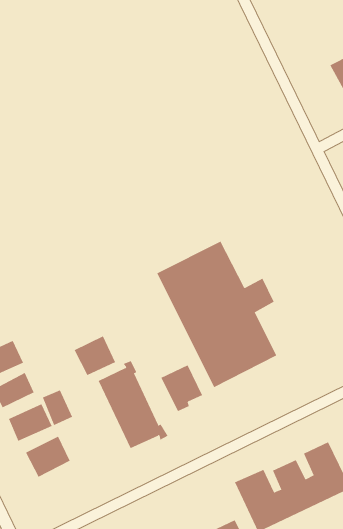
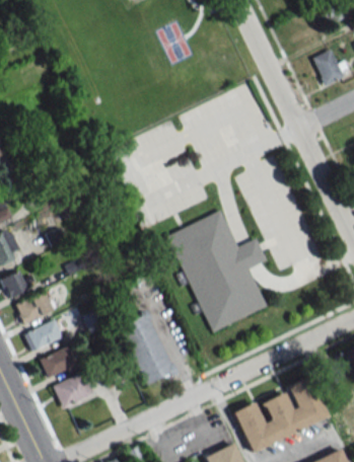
building: [74,335,116,376] -> none
building: [160,364,203,412] -> none
building: [42,389,73,426] -> none

